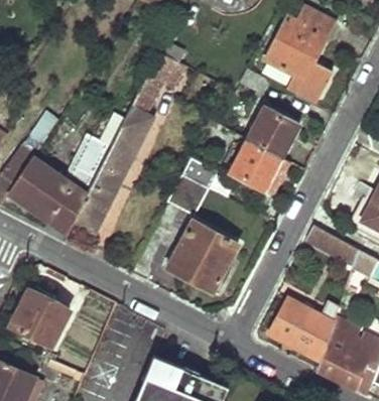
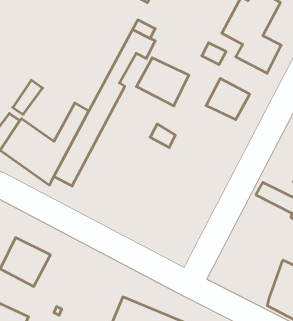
building: [230,138,290,193] -> [136,58,189,106]
building: [169,174,212,216] -> none
building: [167,221,236,290] -> none
building: [269,298,341,361] -> none

